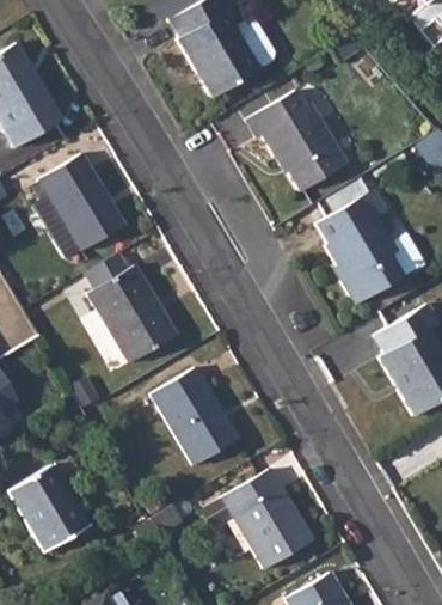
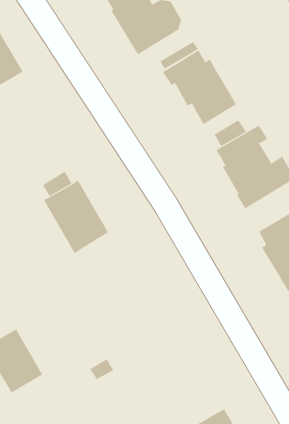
building: [38,152,124,250] -> none
building: [152,367,238,464] -> none
building: [222,468,312,568] -> none

